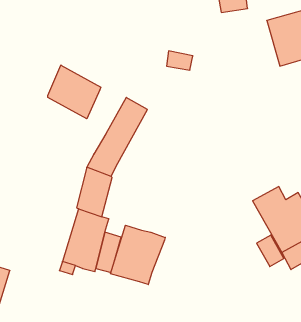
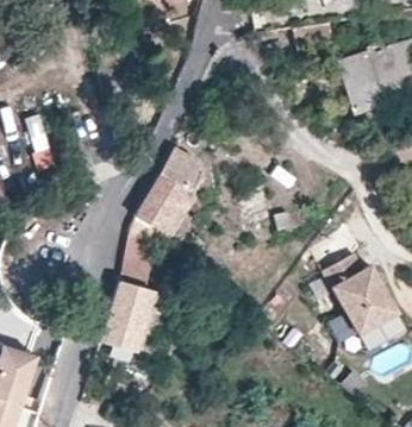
building: [48,65,101,119] -> none
building: [111,225,165,285] -> none

